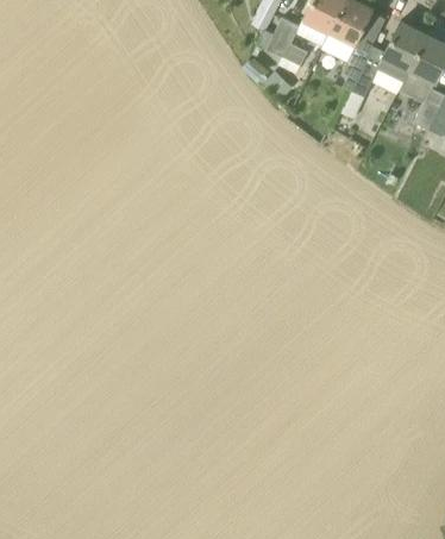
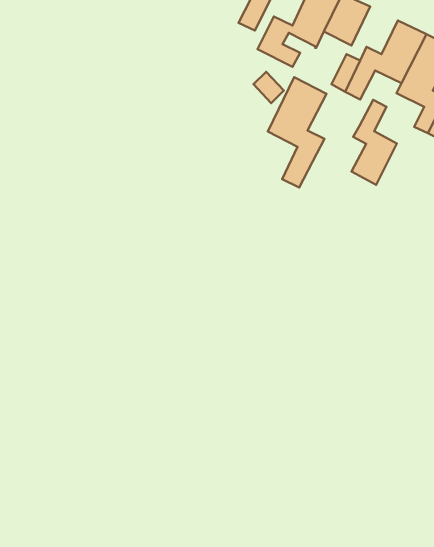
building: none -> [268,77,326,188]
building: none -> [351,100,397,185]

